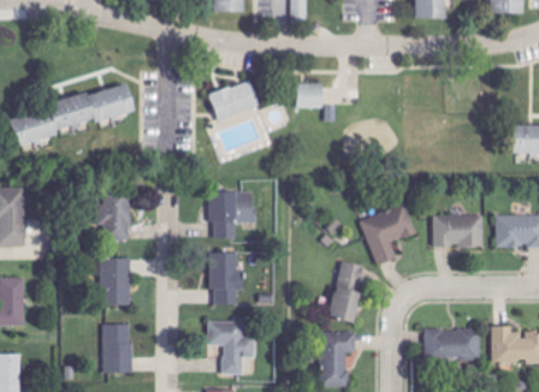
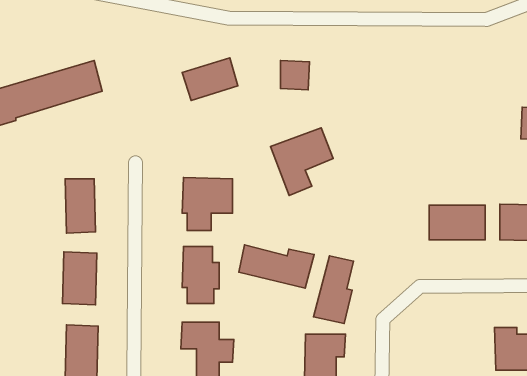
building: [360,203,416,265] -> [271,128,333,196]
building: none -> [239,245,314,288]
building: [424,327,480,362] -> none

